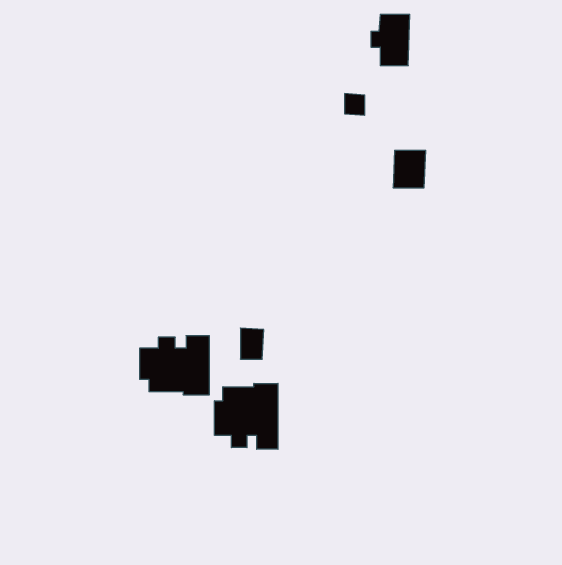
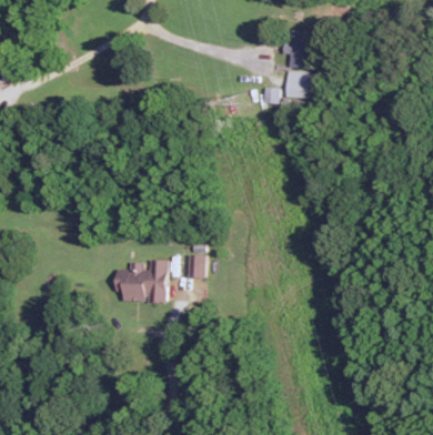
building: [393,150,426,188] -> [285,71,309,98]
building: [215,383,278,449] -> none

